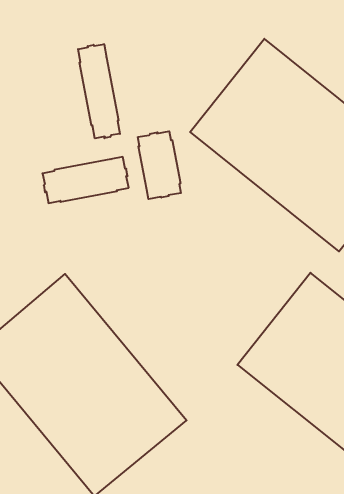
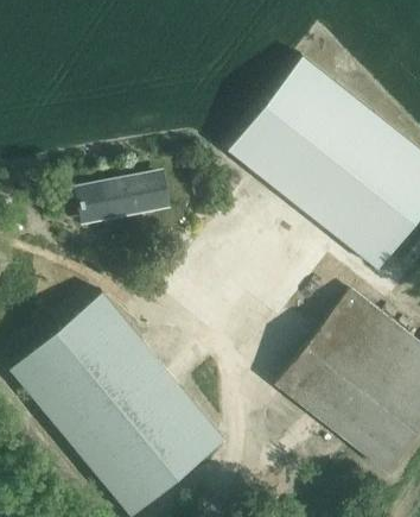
building: [78,44,120,138] -> none
building: [138,131,181,199] -> none

